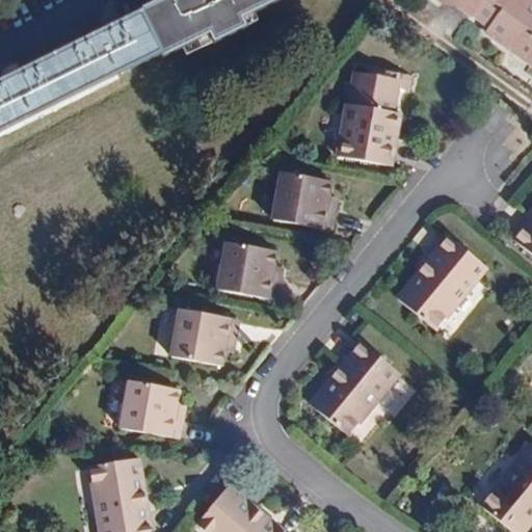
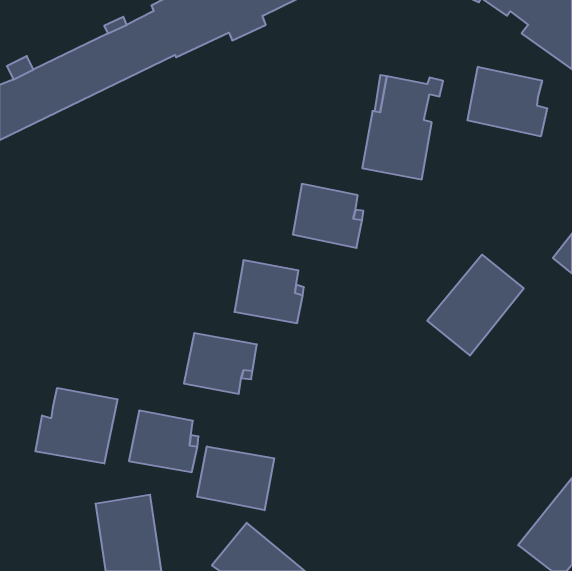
building: none -> [467,67,547,136]
building: [309,342,398,435] -> none
building: none -> [35,388,118,464]
building: none -> [197,446,274,510]

